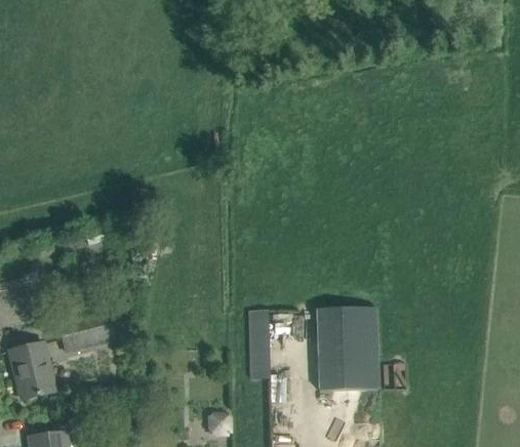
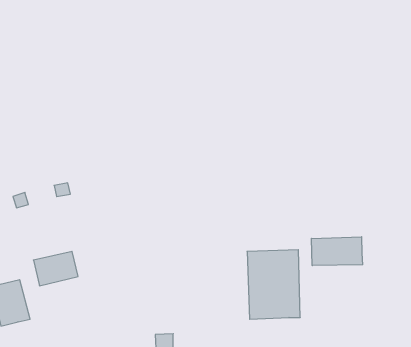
building: none -> [311,237,363,266]
building: [247,309,268,376] -> none

